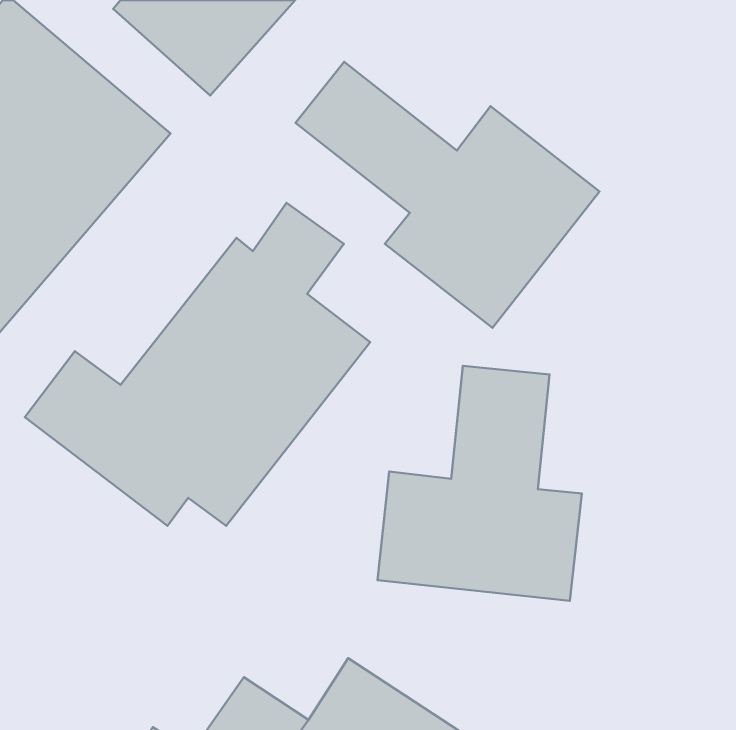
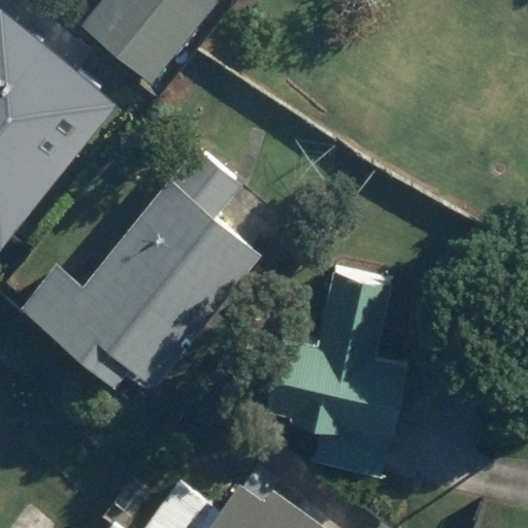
building: [295,62,599,328] -> none

